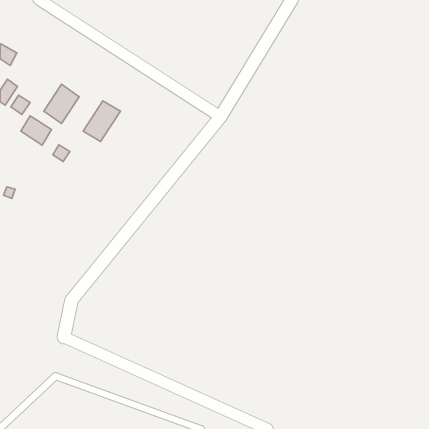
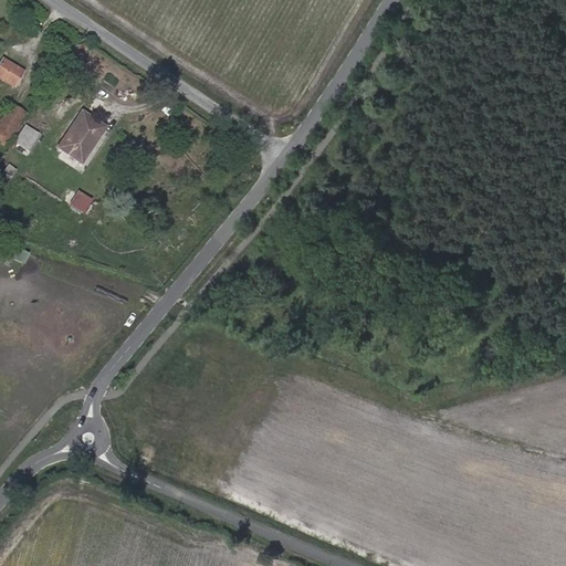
building: [83,101,120,141] -> none
building: [21,116,51,145] -> none

